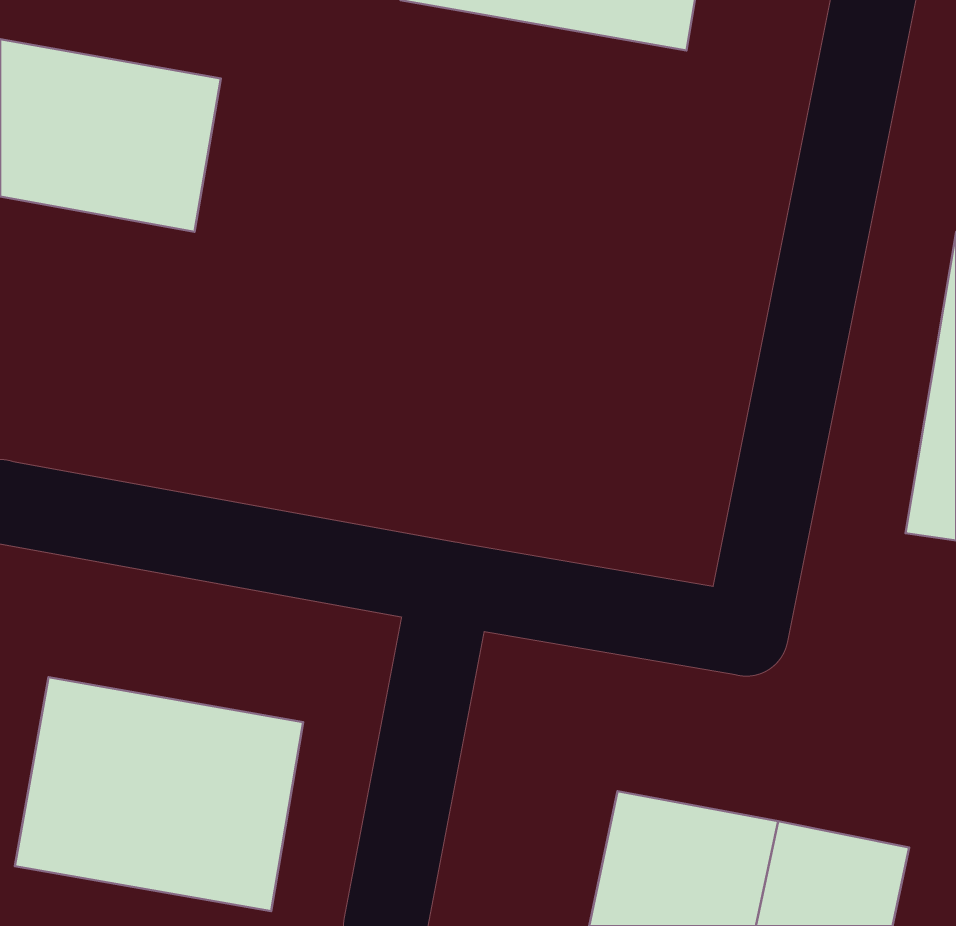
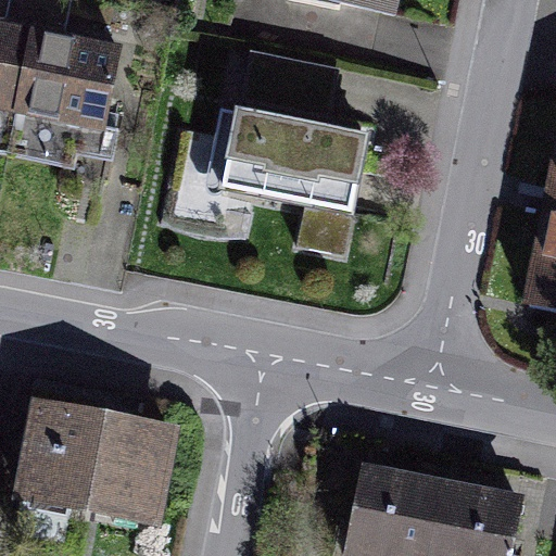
building: none -> [203,106,369,224]

